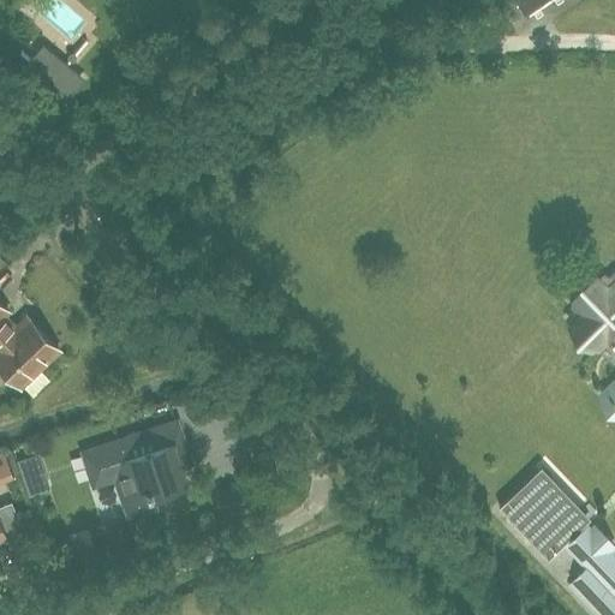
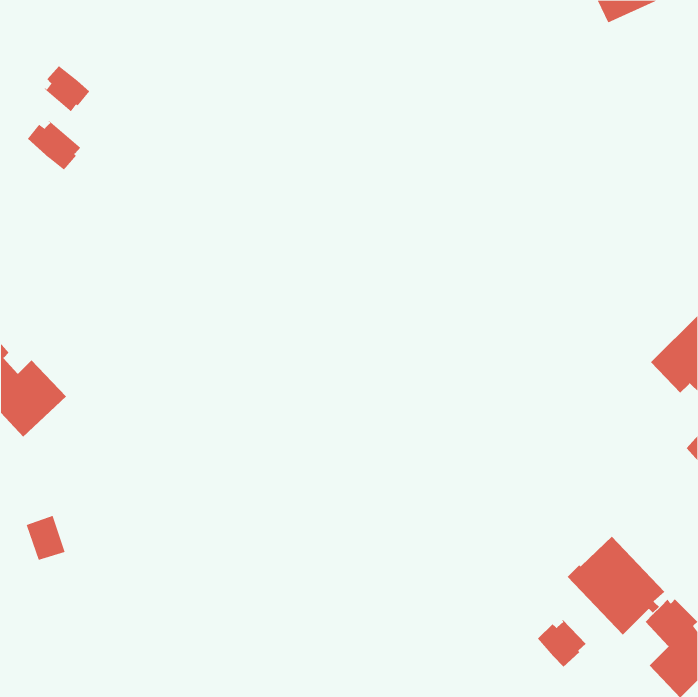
building: none -> [27,120,81,170]
building: [84,422,189,518] -> none
building: none -> [537,619,586,667]

